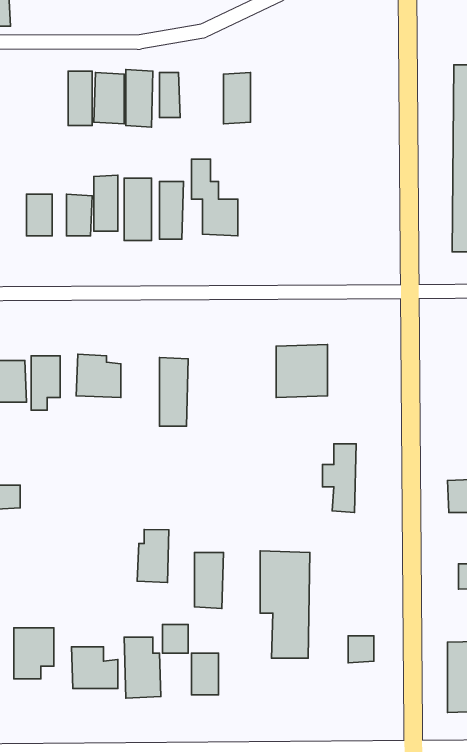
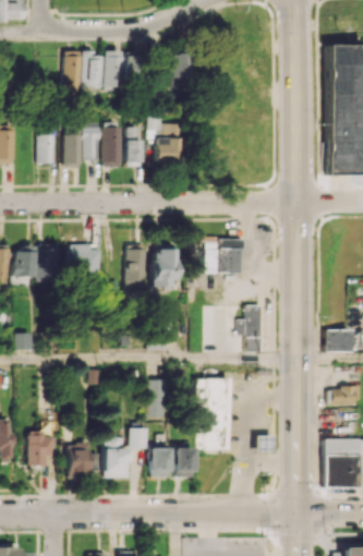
building: none -> [154,243,177,288]
building: [137,530,169,583] -> none
building: none -> [172,448,192,478]

